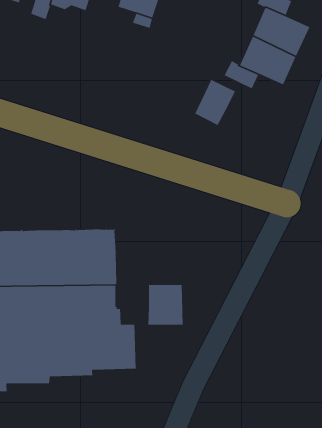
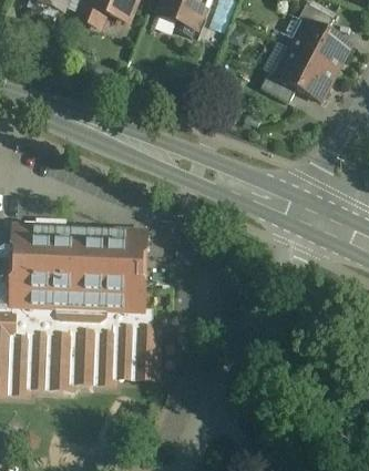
building: [194,79,236,126] -> none
building: [148,284,184,326] -> none

